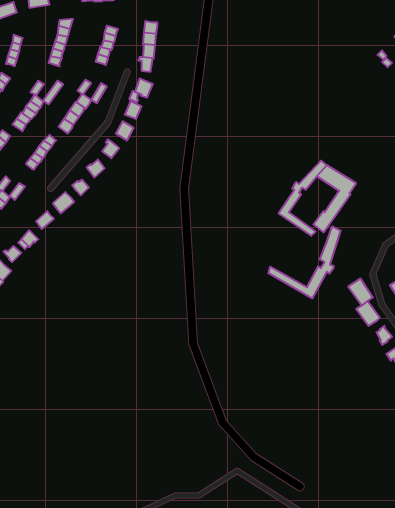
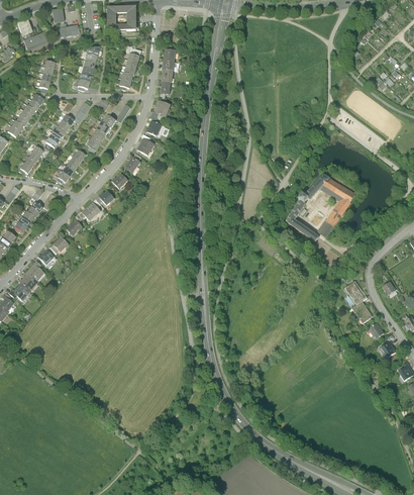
building: [268,226,341,298] -> none

